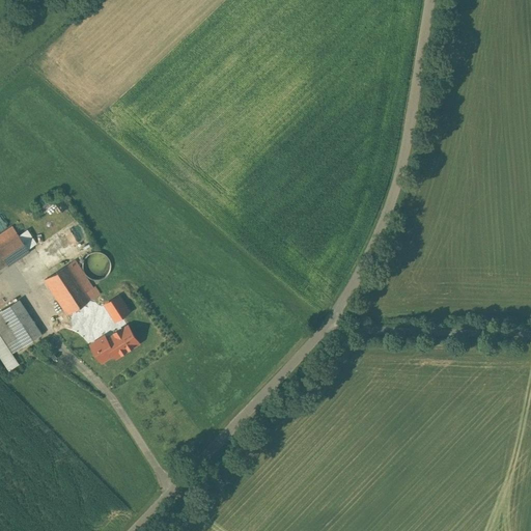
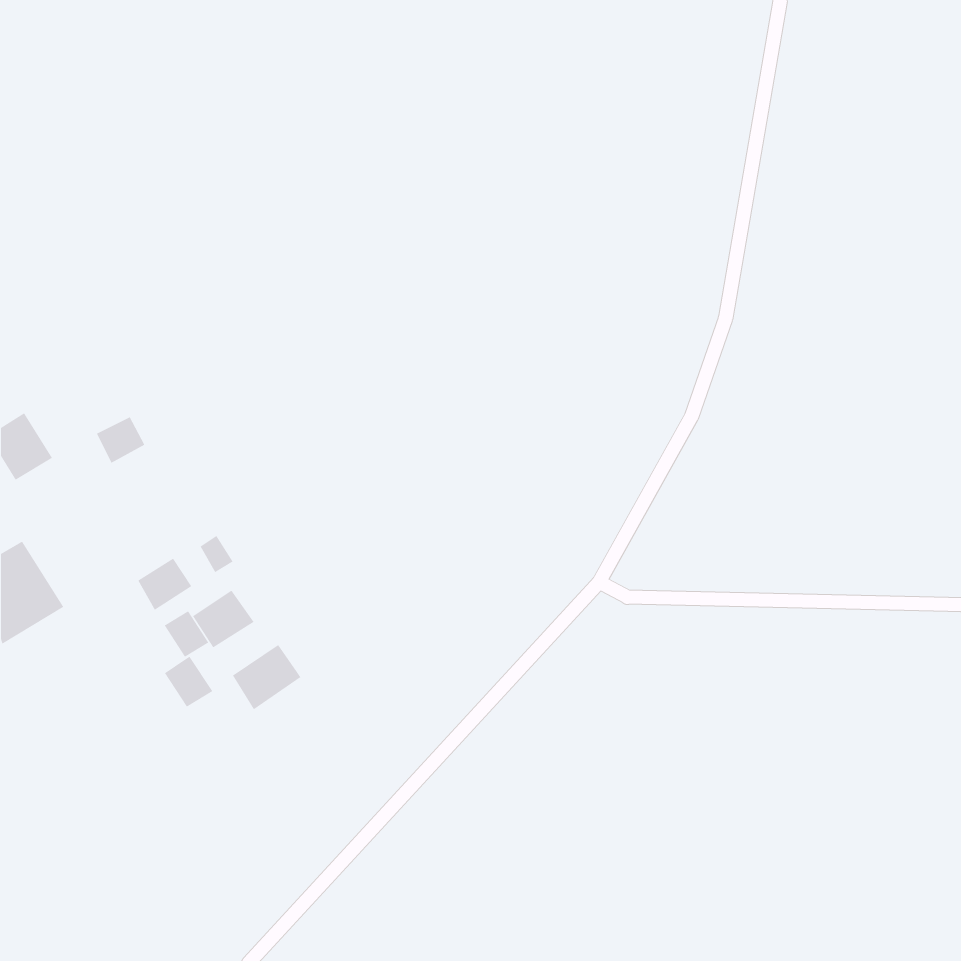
building: [39,259,93,314] -> none
building: none -> [232,644,301,710]
building: none -> [164,656,213,708]

